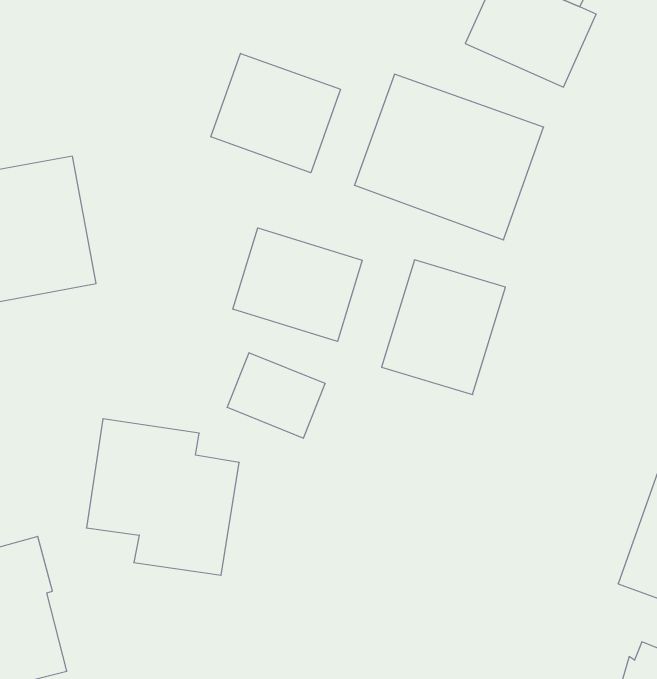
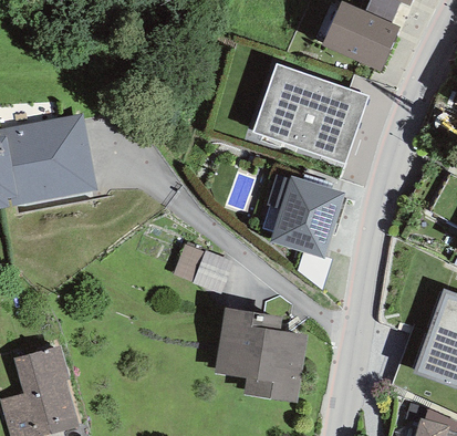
building: [211,53,340,173] -> none
building: [233,228,362,341] -> none
building: [86,419,239,575] -> [214,308,307,403]

